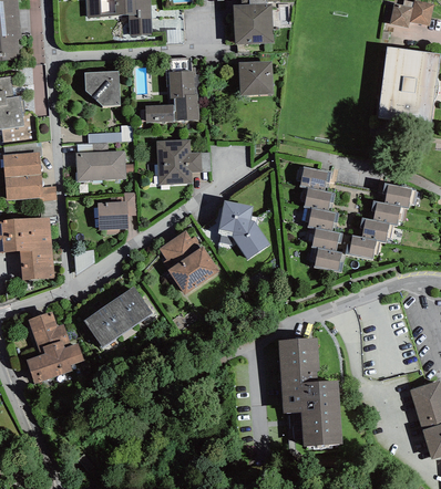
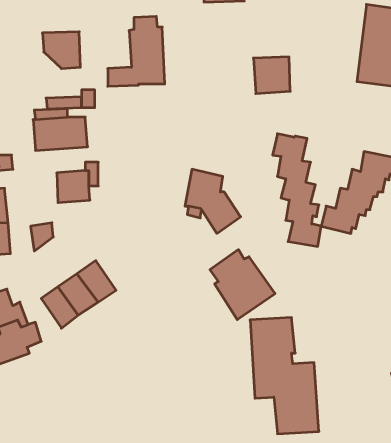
building: [238,61,273,95] -> [253,57,290,94]
building: [156,139,202,185] -> none
building: [158,229,219,294] -> [210,250,275,320]

